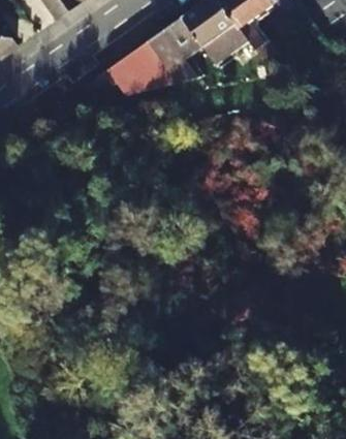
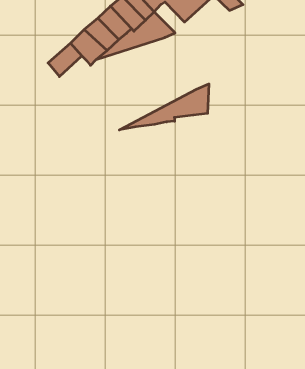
building: none -> [119,84,209,130]

